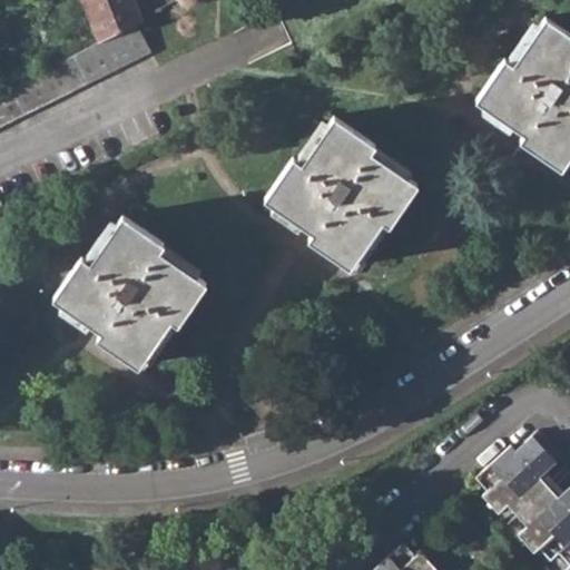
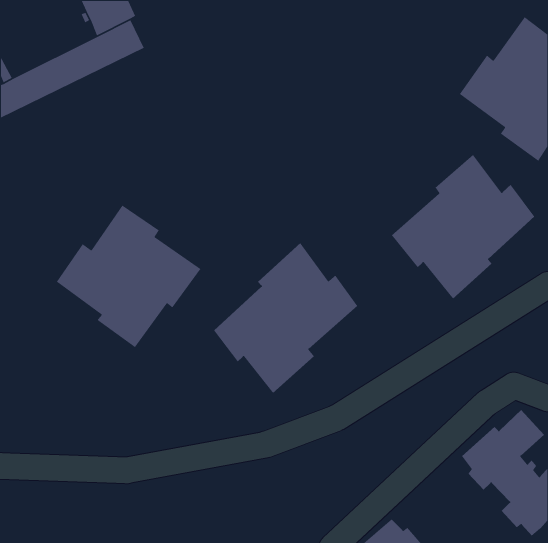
building: [266,120,416,269] -> none
building: none -> [391,154,535,300]
building: none -> [213,242,358,394]

